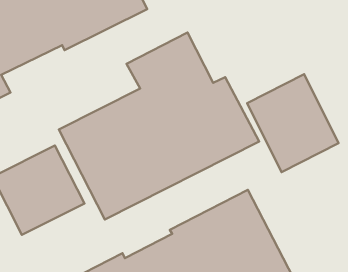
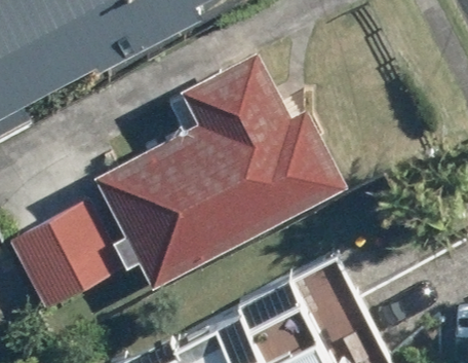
building: [247,74,339,172] -> none

